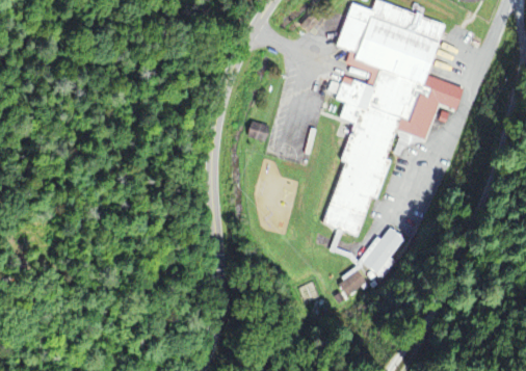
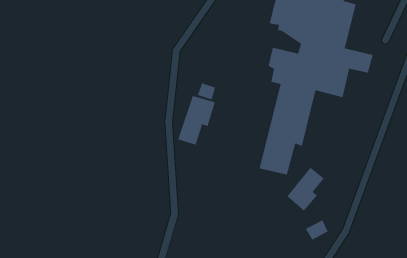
building: none -> [178,95,215,146]
building: [339,270,368,296] -> [305,220,329,241]

